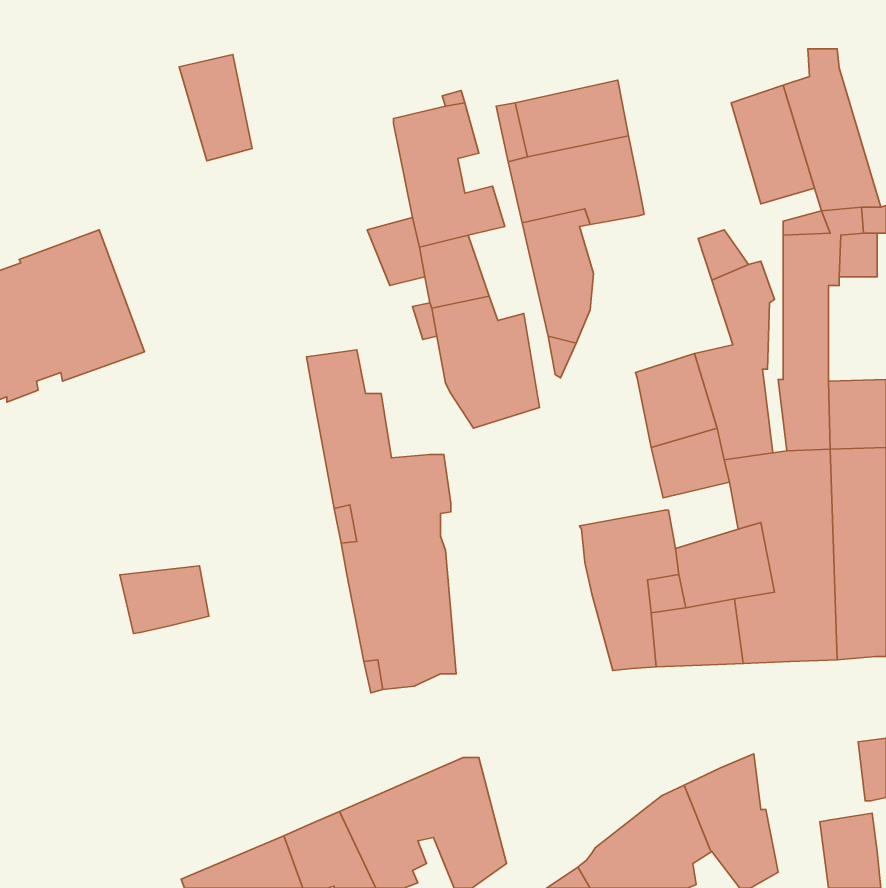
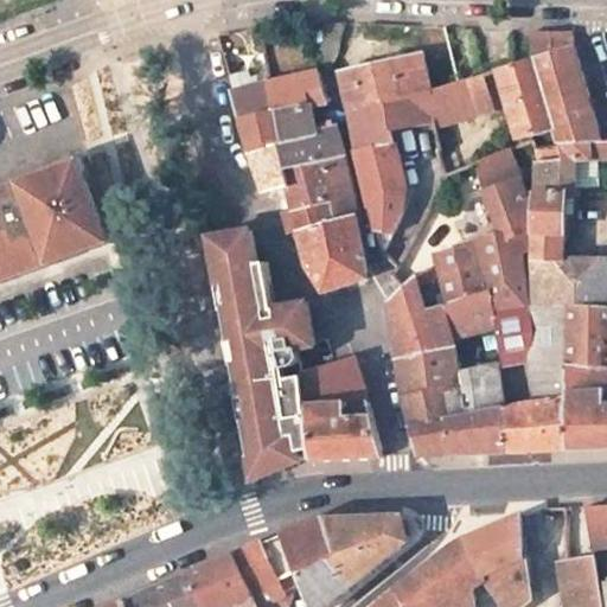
building: [179,54,252,161] -> [231,84,281,156]
building: none -> [428,75,492,127]
building: none -> [319,154,357,218]
building: none -> [386,276,453,358]
building: none -> [304,360,381,459]
building: [120,566,209,633] -> none
building: none -> [326,513,408,588]

